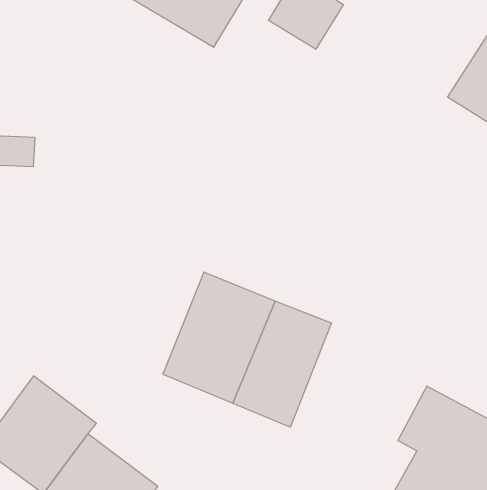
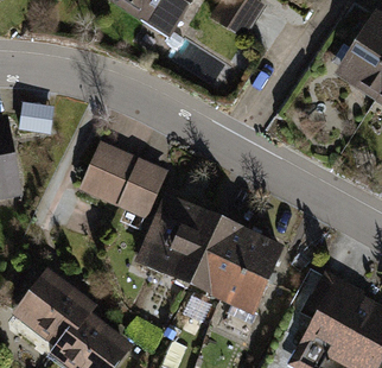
building: none -> [78,142,168,221]
building: none -> [225,230,284,315]

